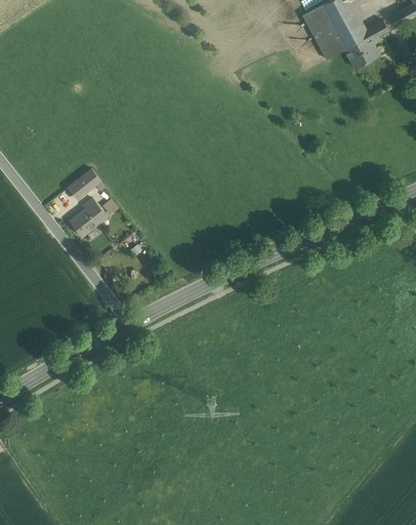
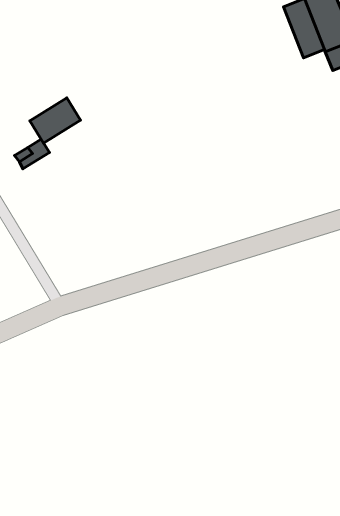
building: none -> [30,98,81,143]
building: [71,196,109,235] -> none

